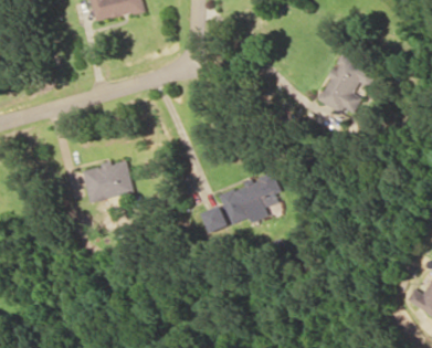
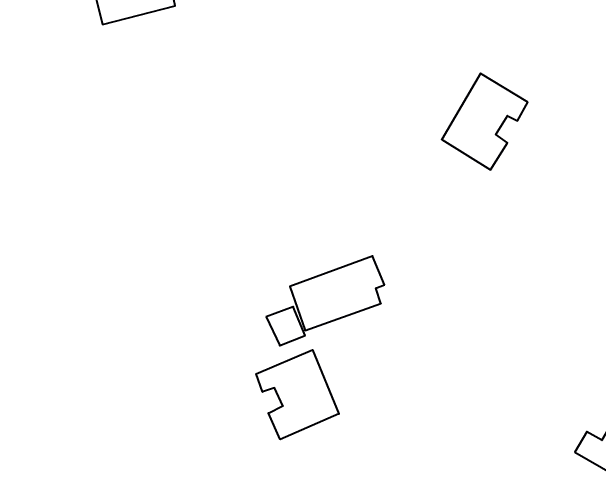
building: [83,160,133,203] -> none
building: none -> [256,350,339,439]

